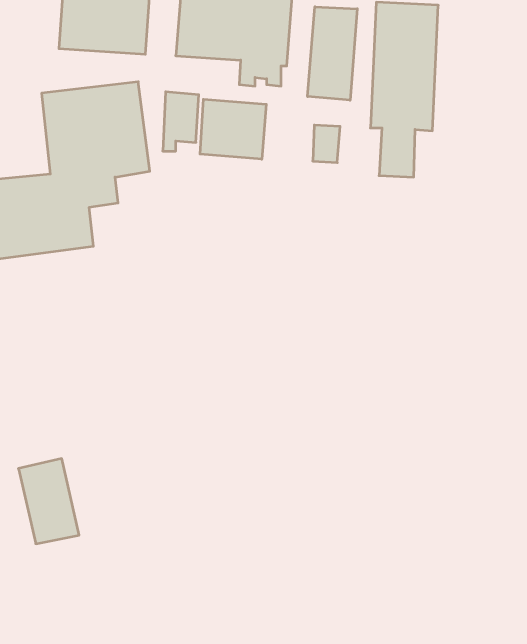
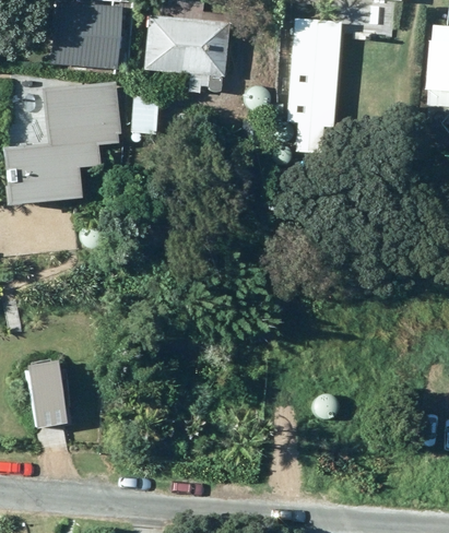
building: [308,7,357,100] -> none
building: [200,99,266,159] -> none

